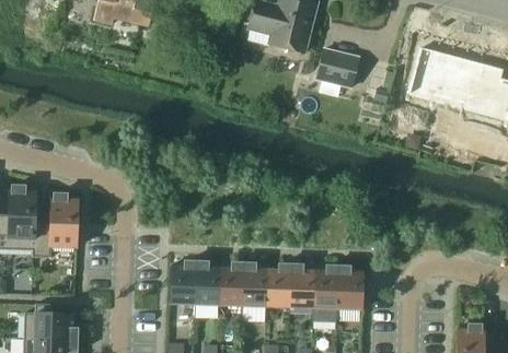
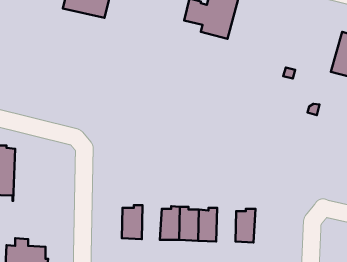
building: [411,37,449,94] -> none
building: [318,49,359,87] -> none
building: [34,191,79,258] -> none
building: [196,262,221,306] -> none
building: [290,266,315,308] -> none
building: [337,267,363,310] -> none

